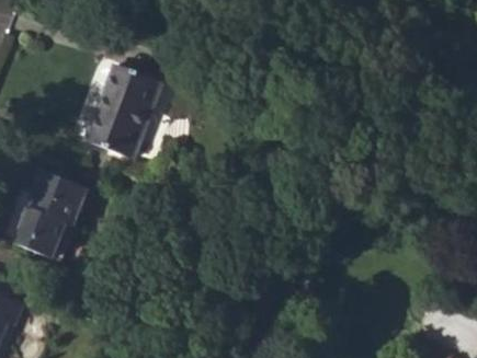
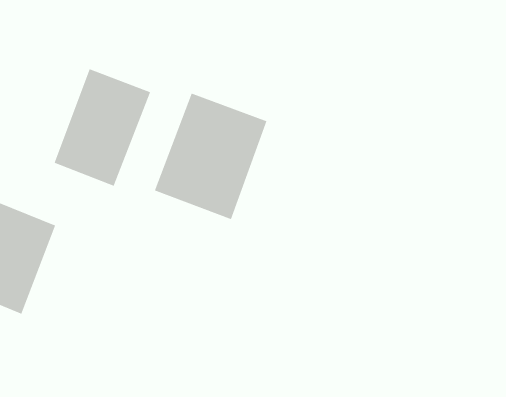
building: none -> [154,93,267,220]

